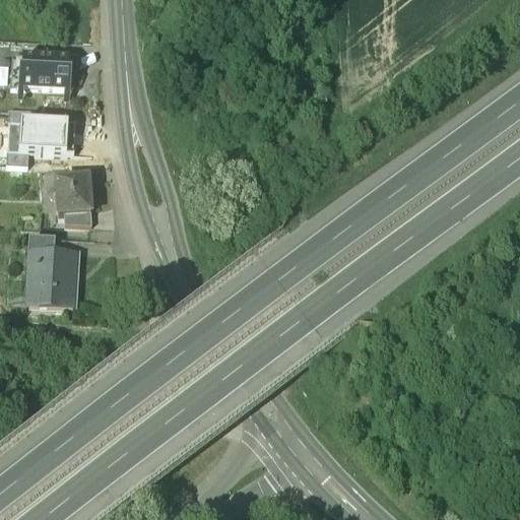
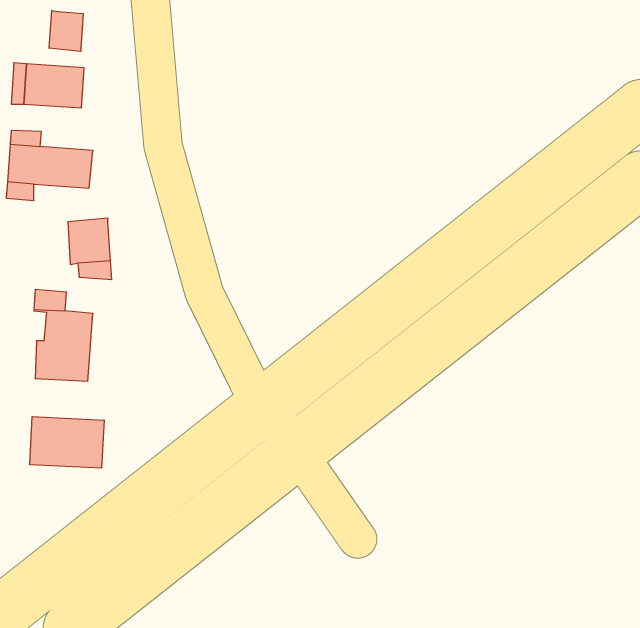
building: none -> [49,10,83,51]
building: none -> [30,417,104,468]

